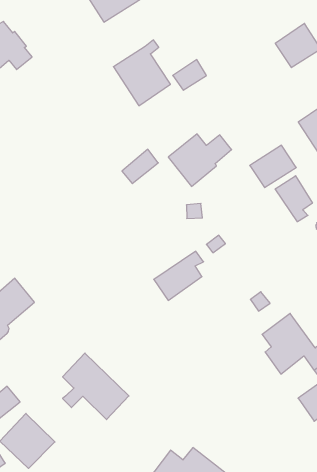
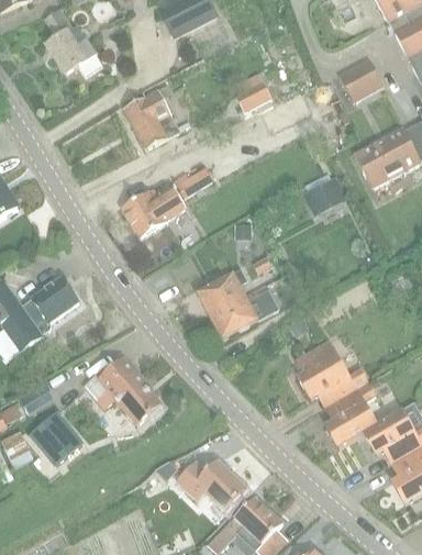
building: [113,40,170,106] -> [125,85,179,147]
building: [168,134,232,186] -> [122,187,185,237]
building: [275,176,312,222] -> none
building: none -> [209,284,278,338]

